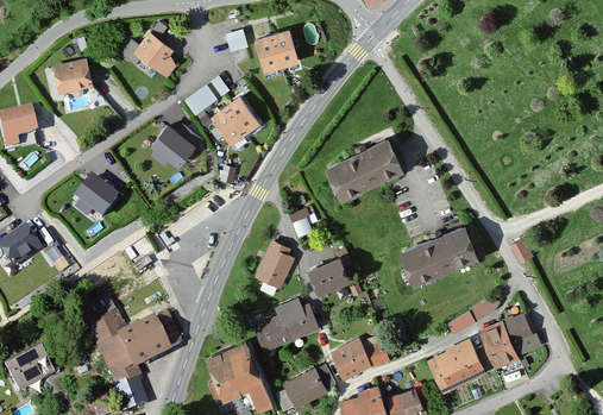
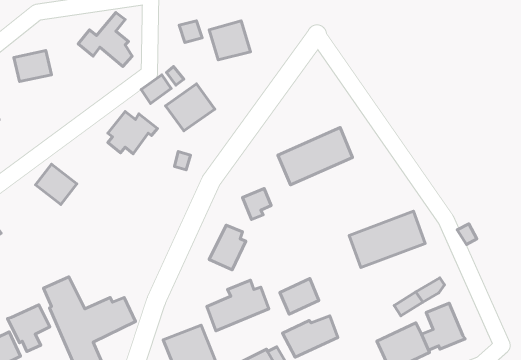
building: [308,256,348,293] -> [280,279,319,314]
building: [503,312,540,354] -> none
building: none -> [7,305,50,352]

